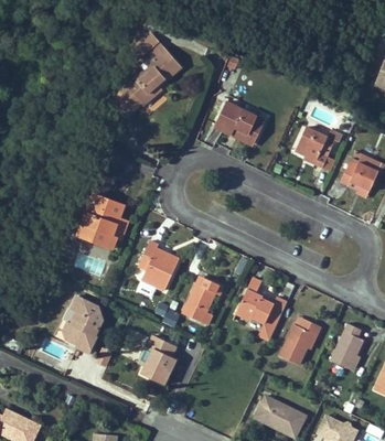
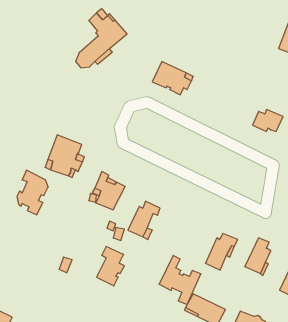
building: [295,127,342,166] -> none
building: [235,277,288,338] -> [159,256,201,304]
building: [63,295,103,352] -> [17,170,48,215]

